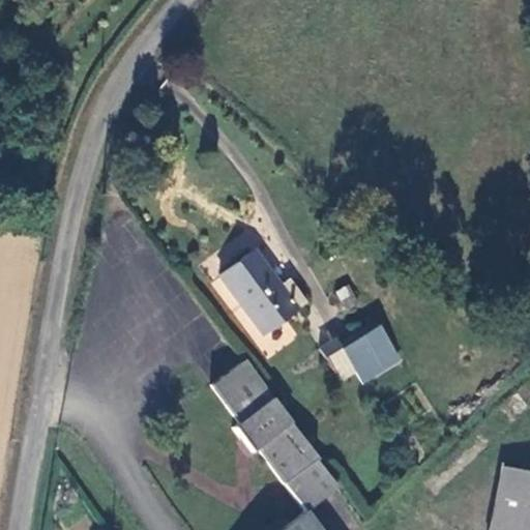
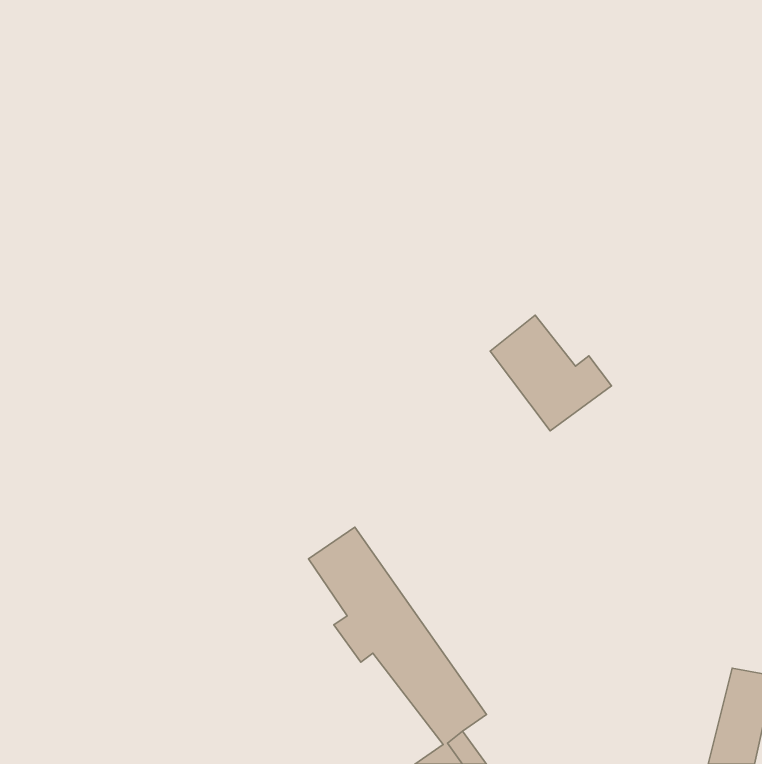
building: [226,252,310,331] -> [490,315,611,431]
building: [341,323,398,382] -> none

